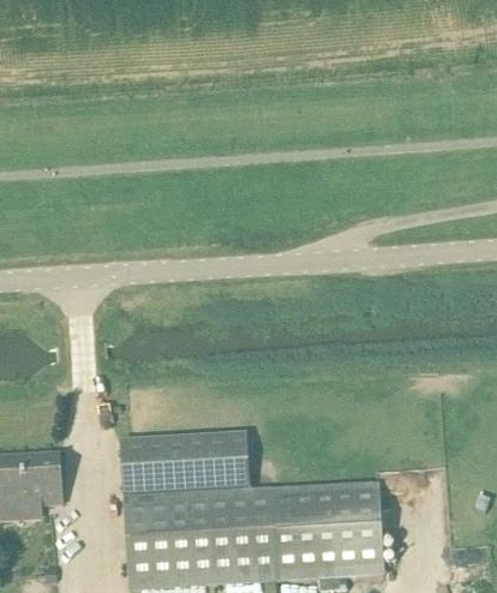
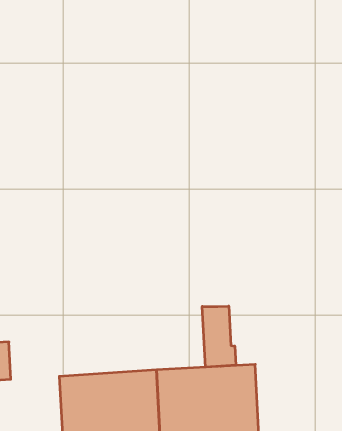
building: none -> [202,306,236,367]
building: [121,432,250,498] -> none

